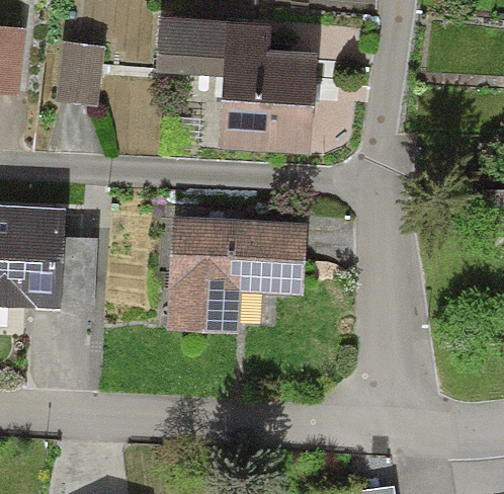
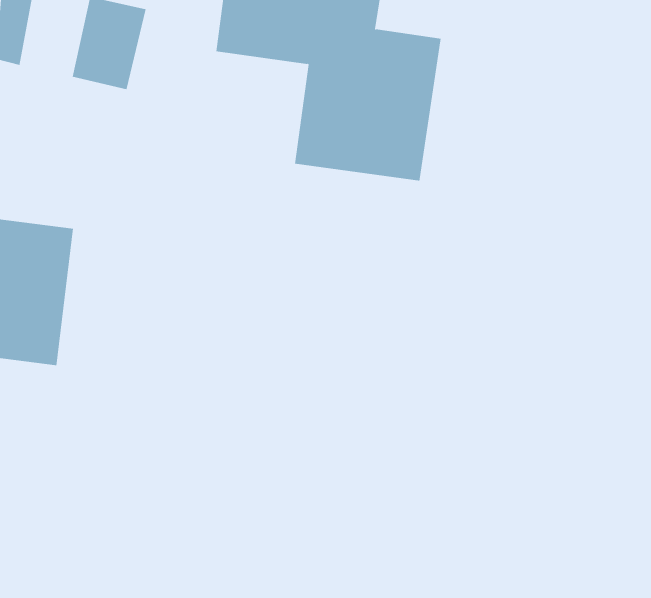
building: [168,217,307,333] -> none

